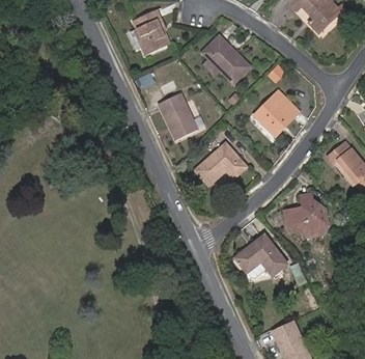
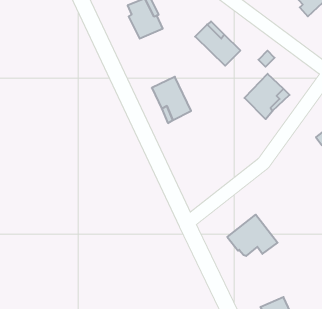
building: [195,143,246,186] -> none
building: [284,194,327,236] -> none

